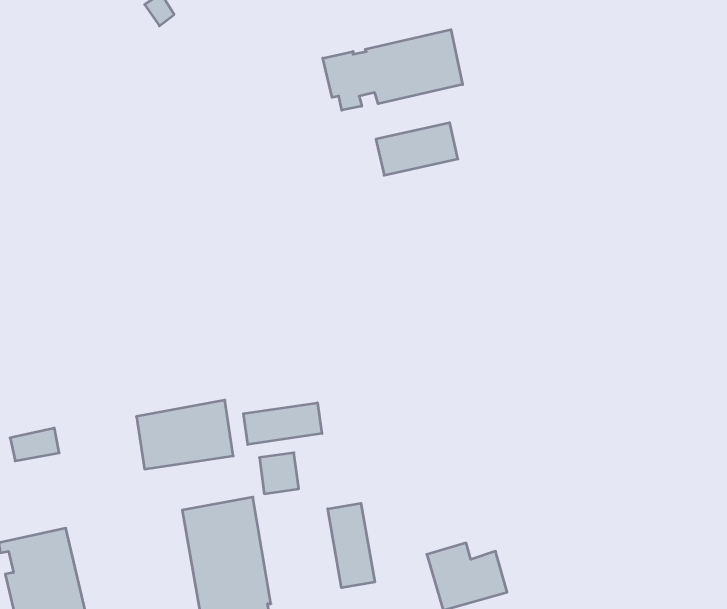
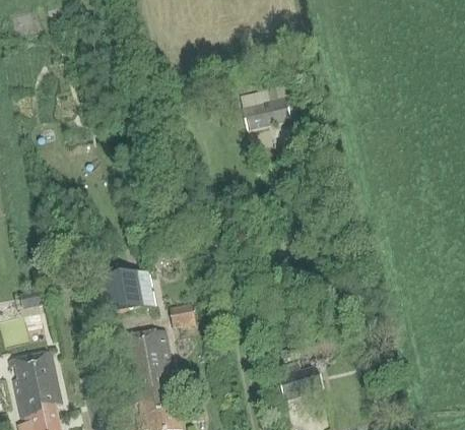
building: [323,30,463,110] -> none
building: [243,403,322,445] -> none
building: [328,503,375,588] -> none

